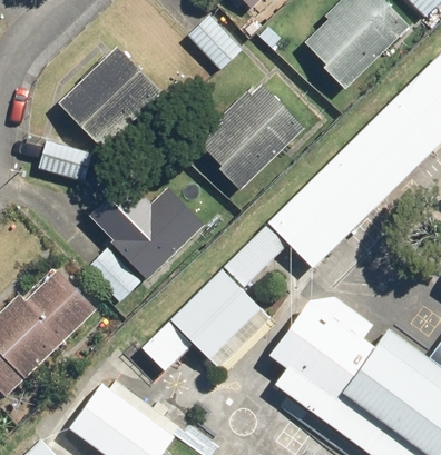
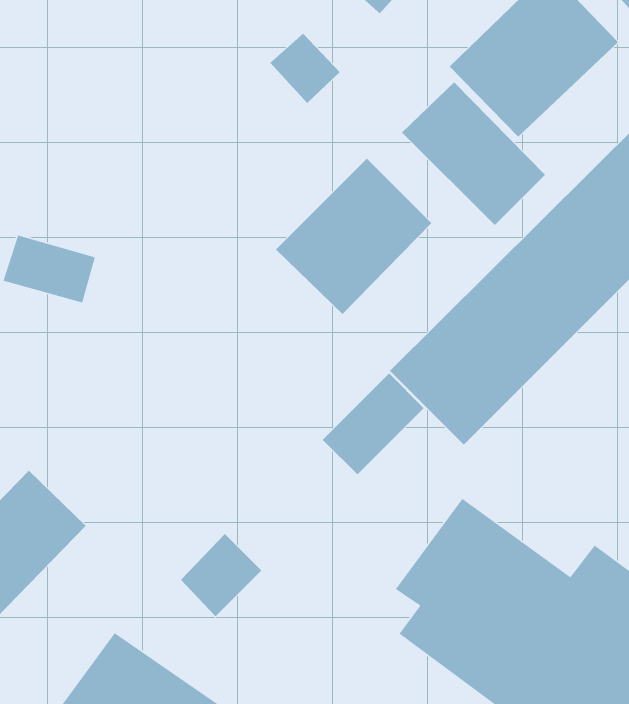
building: none -> [401,82,546,226]
building: [63,53,158,147] -> none
building: [90,172,196,276] -> none
building: [171,269,261,357] -> none

